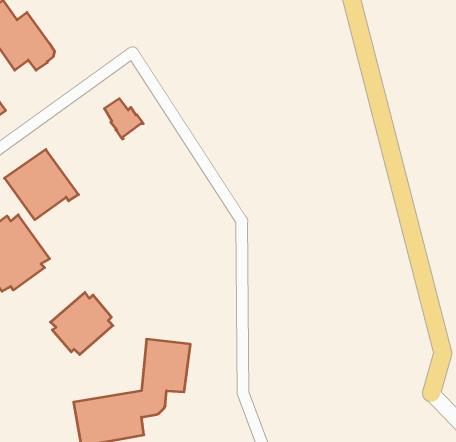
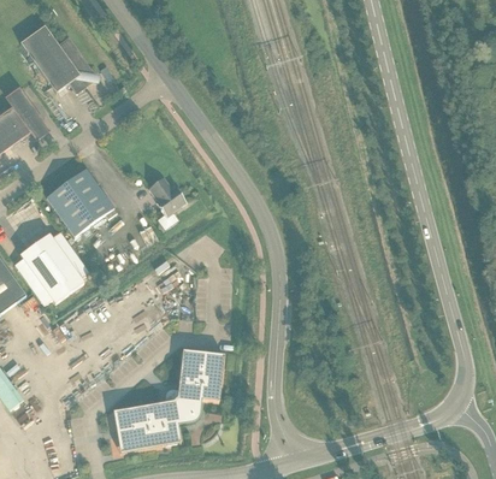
building: [104,99,143,139] -> [149,177,187,215]
building: [50,292,113,355] -> none

